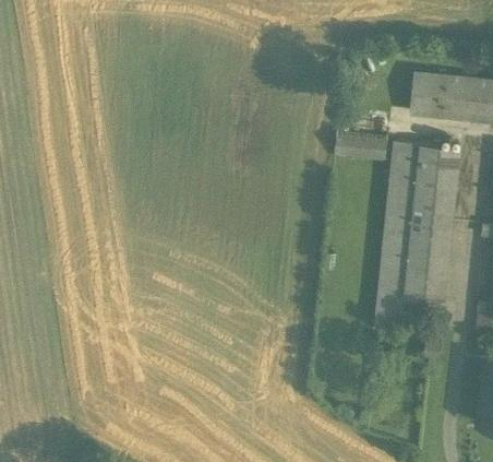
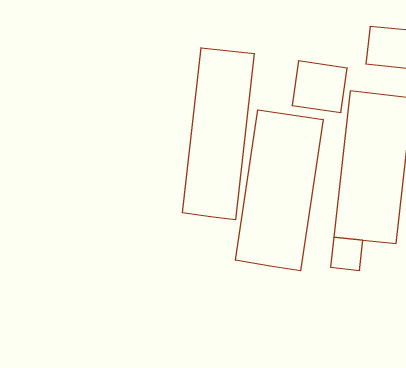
building: none -> [182,48,254,220]
building: none -> [236,110,323,271]

